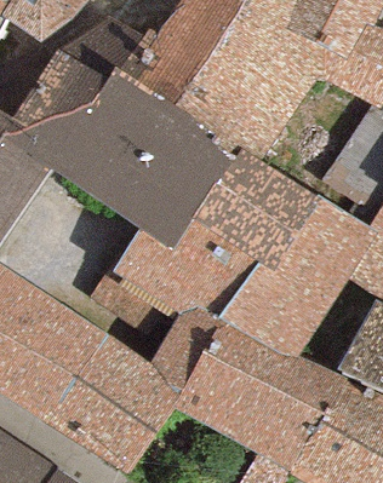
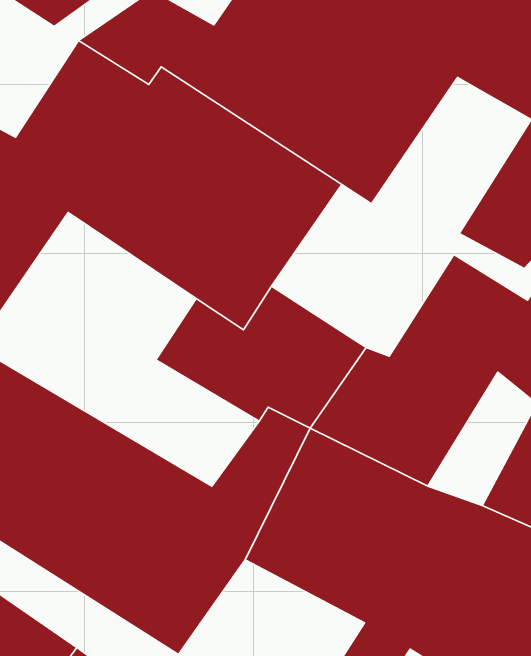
building: [192,150,318,269] -> none

